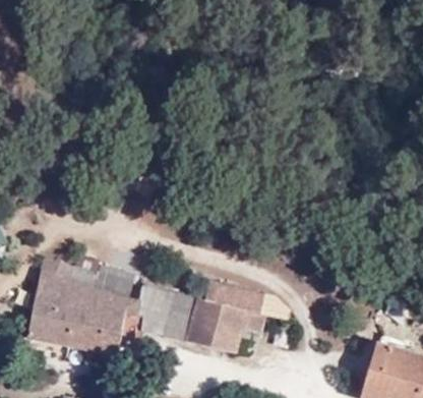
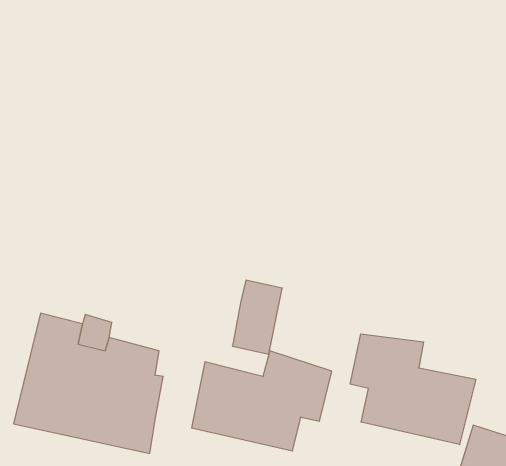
building: none -> [350,334,476,445]
building: [135,281,173,337] -> [232,280,282,354]

